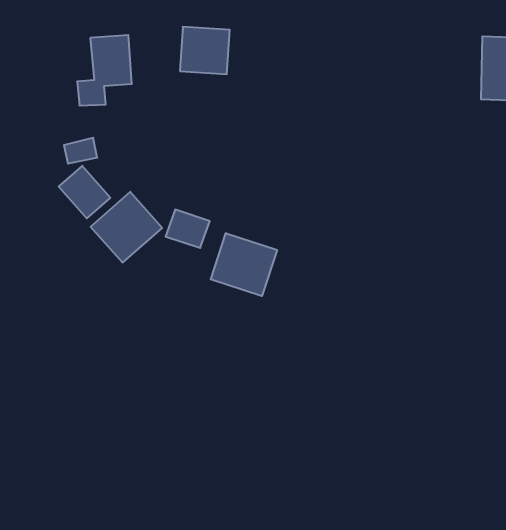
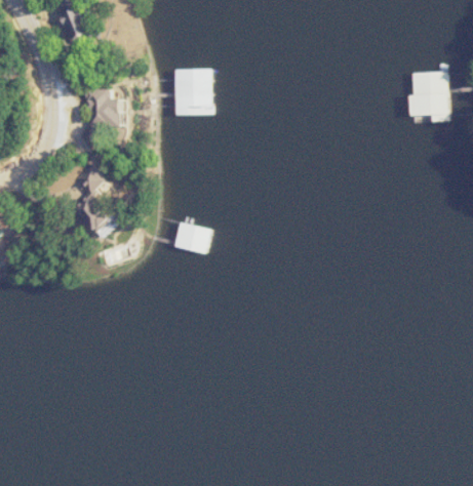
building: [91,192,162,263] -> none
building: [211,233,277,296] -> none

